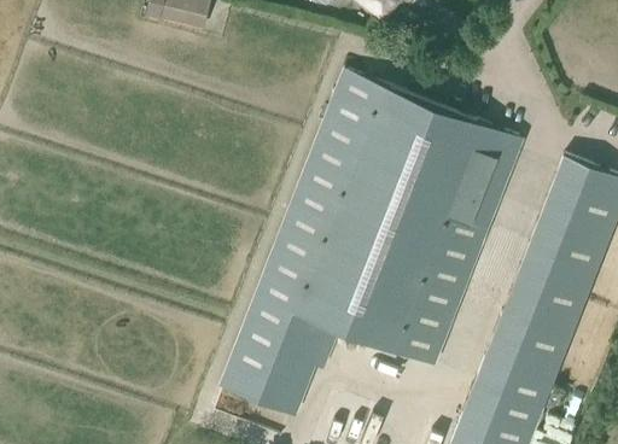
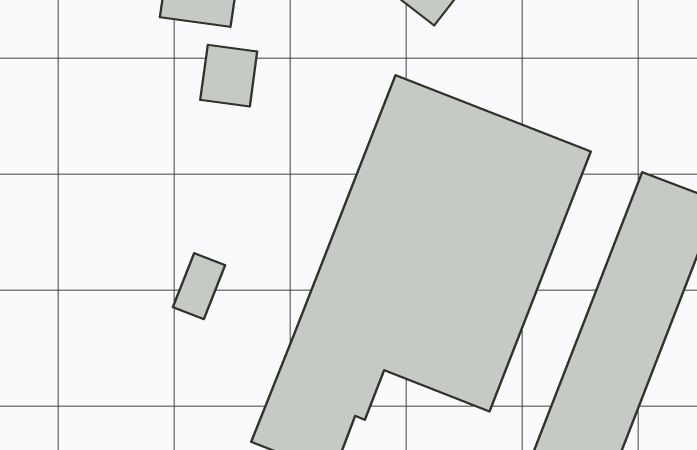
building: none -> [200,45,257,106]
building: none -> [173,253,225,319]

